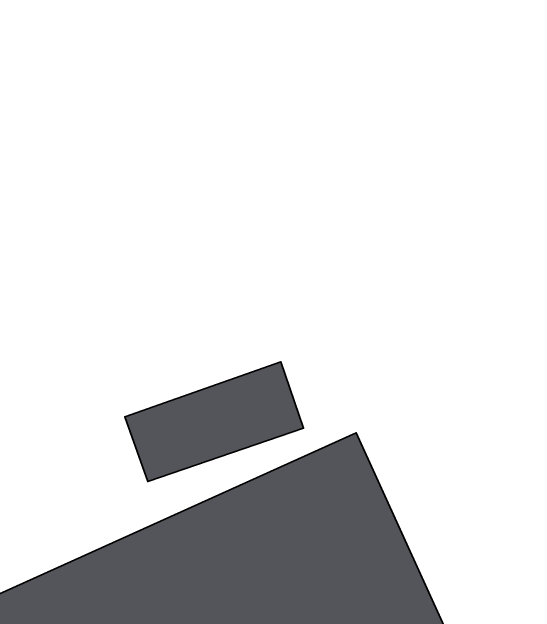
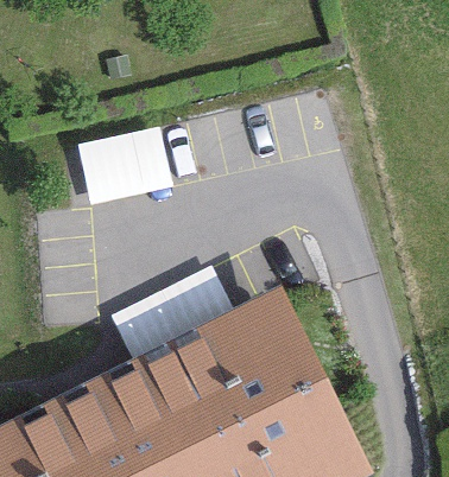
building: none -> [75,121,173,203]

